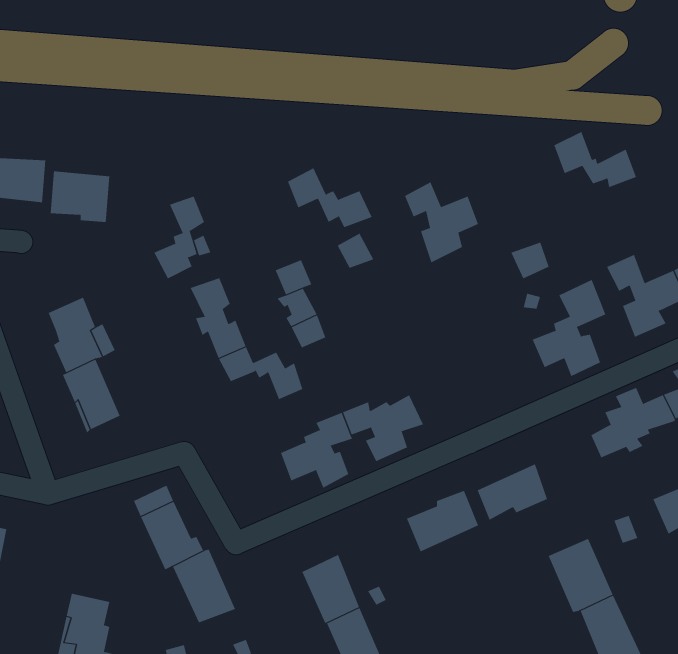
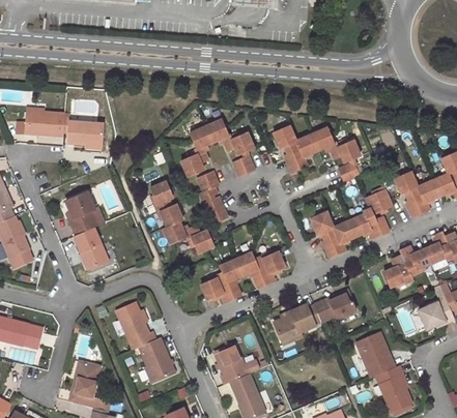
building: [554,131,637,188] -> [311,125,360,158]
building: [153,196,205,279] -> [181,125,211,174]
building: none -> [310,208,355,258]

